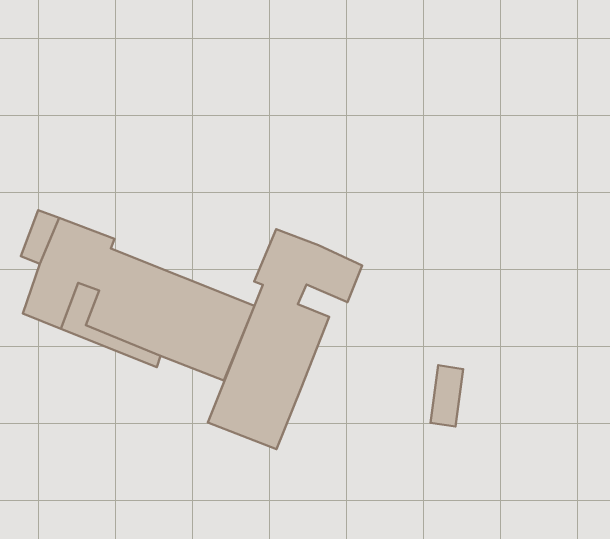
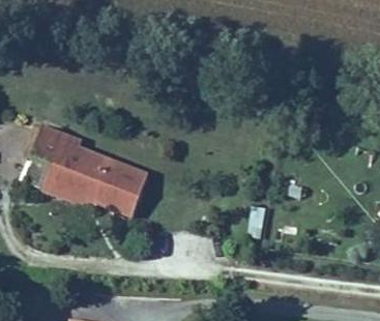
building: [208,229,362,449] -> none

